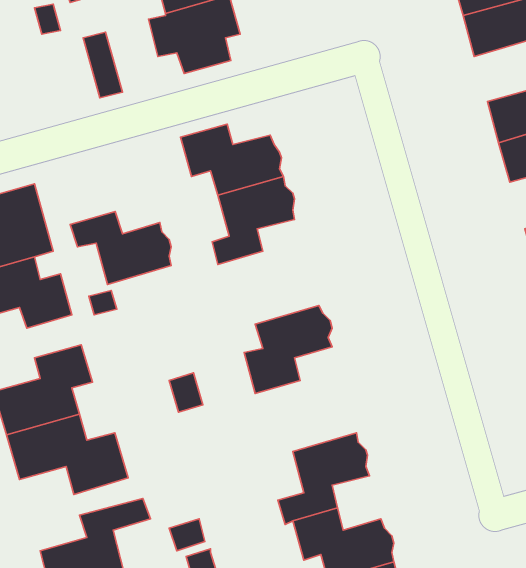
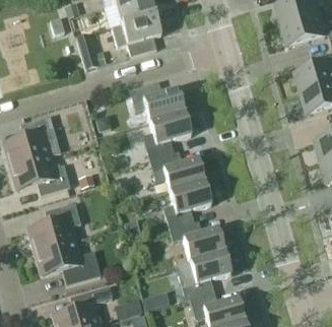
building: [70,211,171,284] -> [149,151,204,191]
building: none -> [170,221,224,260]

